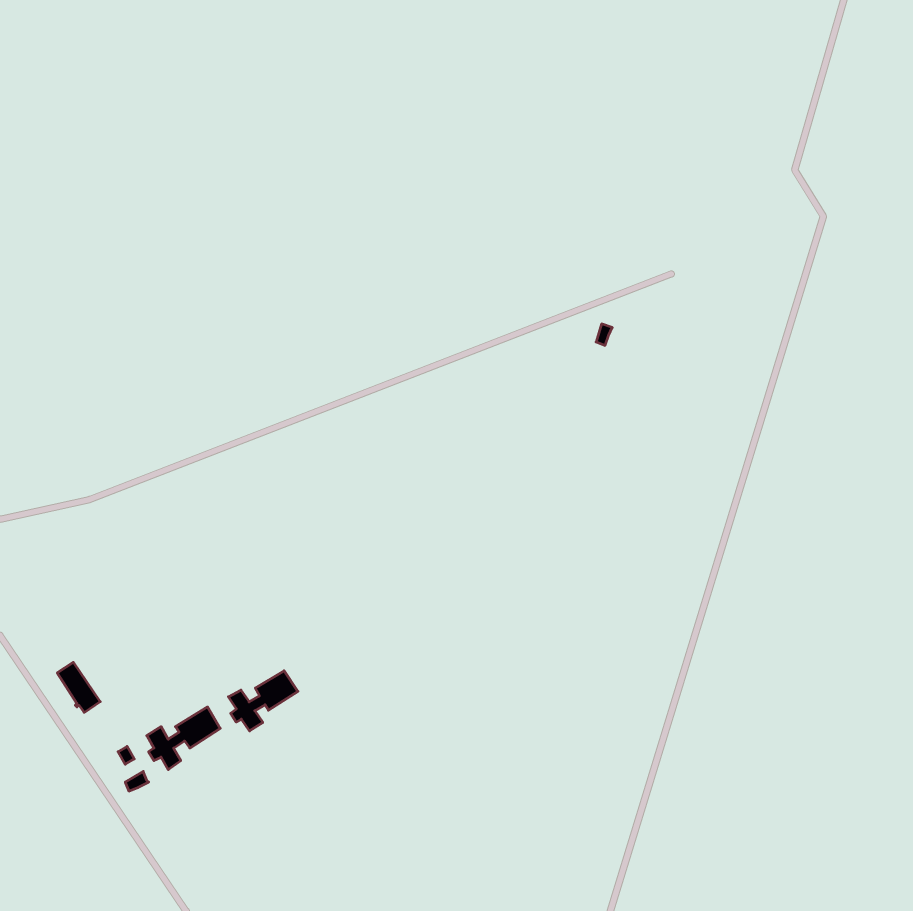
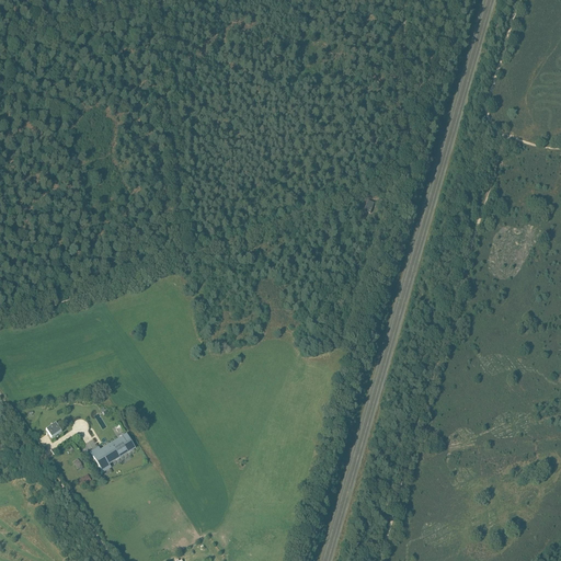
building: [228,671,298,731] -> none

